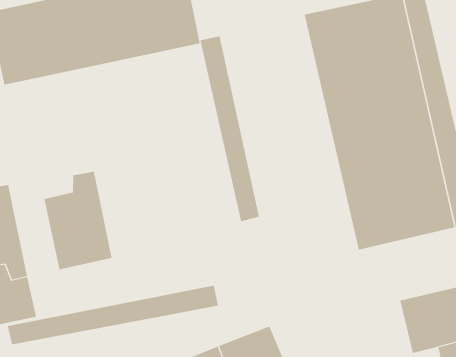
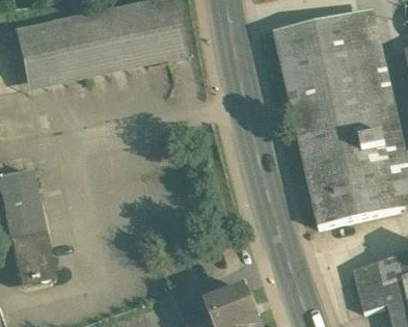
building: [200,35,260,222] -> none
building: [44,171,112,270] -> none
building: [7,285,219,345] -> none

